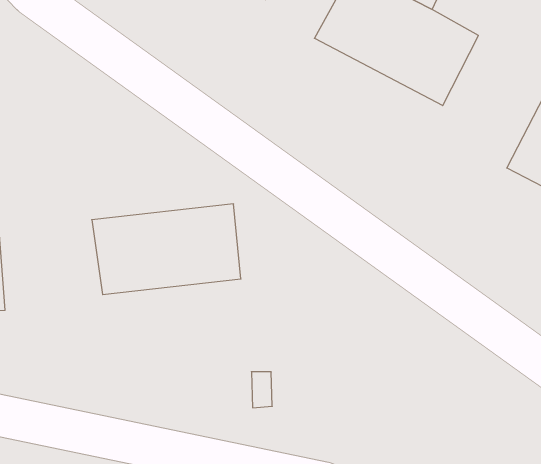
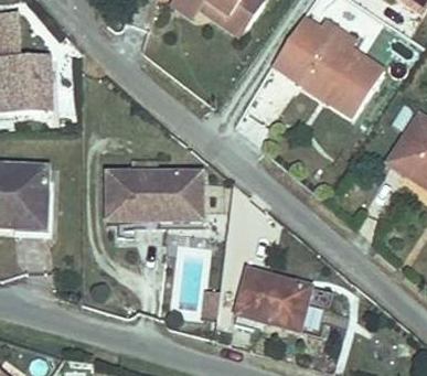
building: none -> [237,266,314,330]

